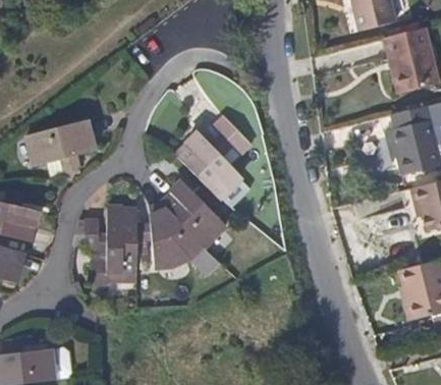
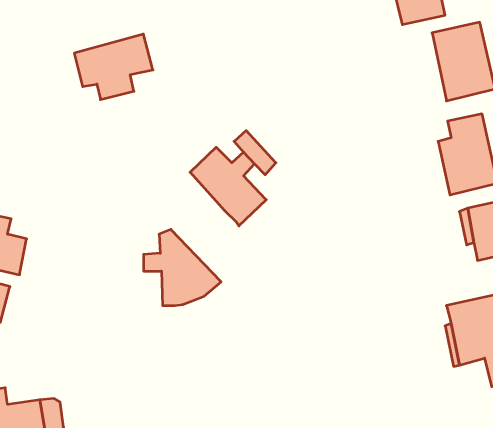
building: [30,119,97,175] -> [74,34,153,100]
building: [161,181,227,248] -> none
building: [86,207,137,284] -> none

